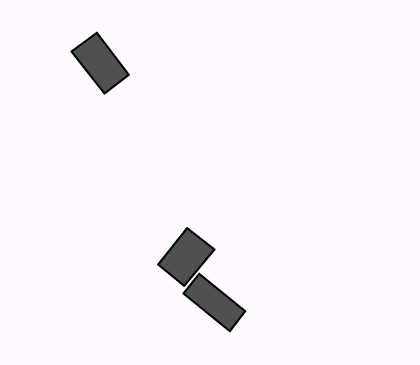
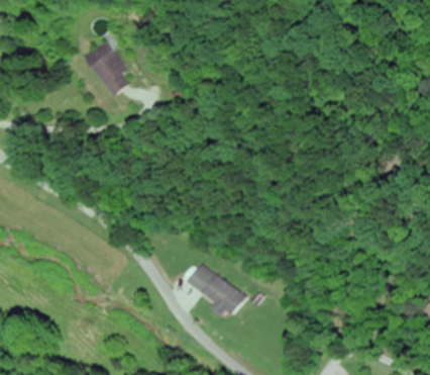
building: [158,228,214,286] -> none

